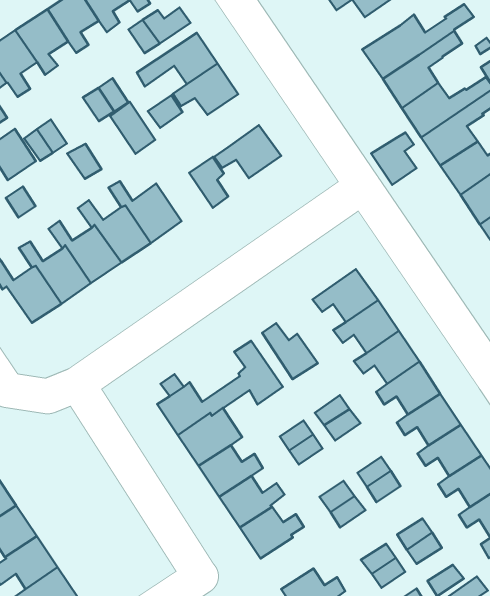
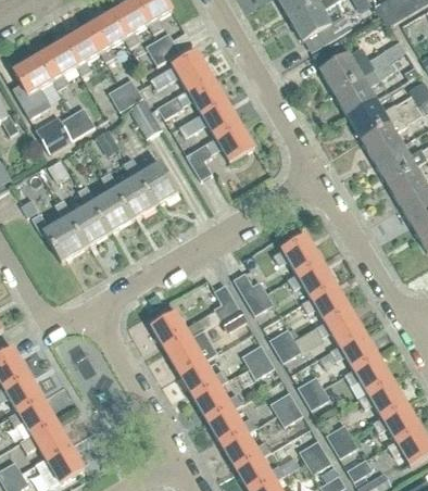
building: none -> [179,98,240,137]
building: [371,132,416,185] -> none
building: none -> [223,431,270,469]

